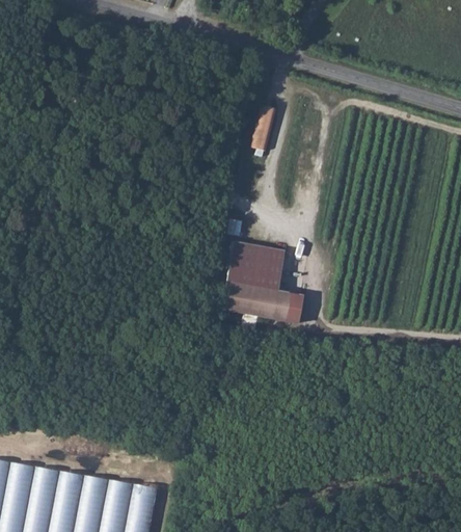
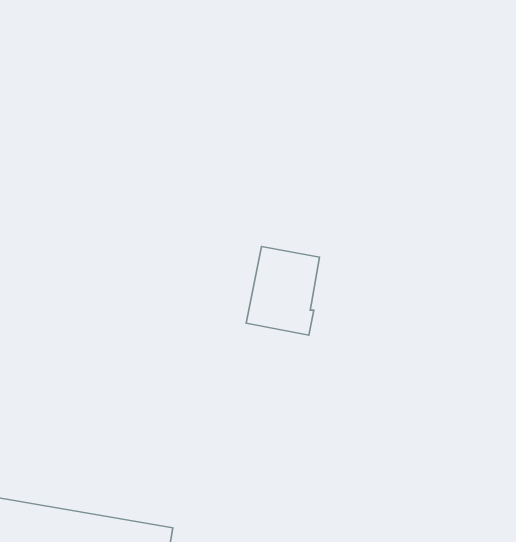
building: [251,105,276,151] -> none
building: [275,291,302,323] -> none

